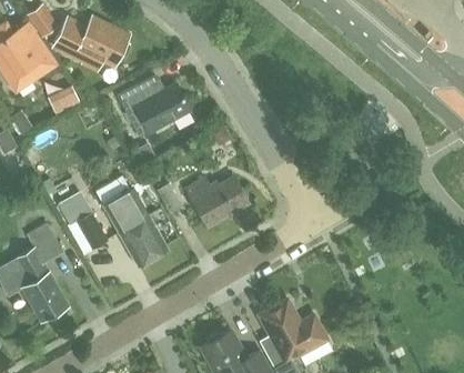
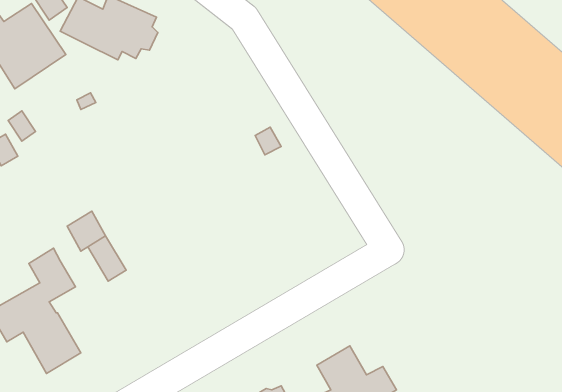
building: [117,75,190,137] -> none
building: [186,178,248,226] -> none
building: [103,189,167,266] -> none

